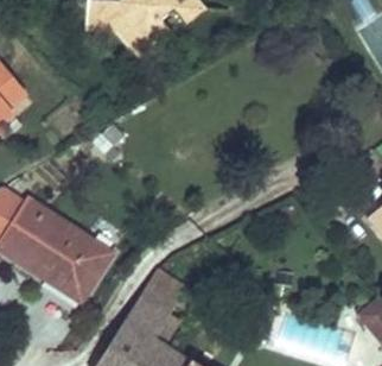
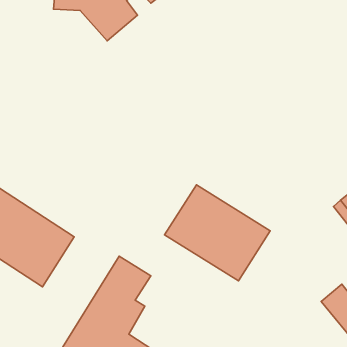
building: none -> [165,185,270,281]

